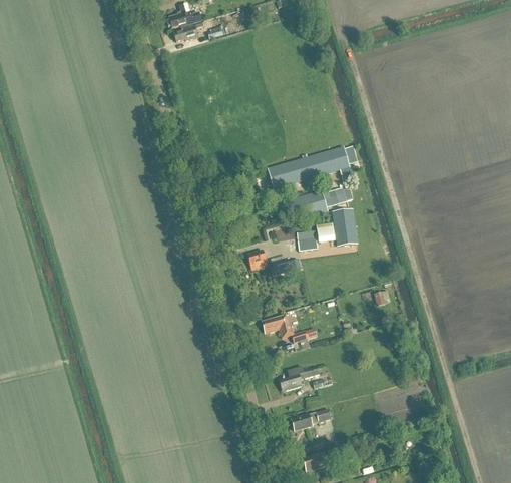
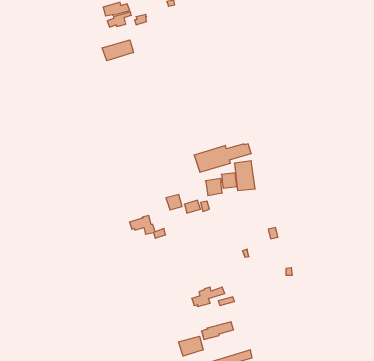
building: none -> [102,40,133,61]
building: [267,146,357,189] -> none
building: [262,315,307,343] -> [129,216,166,238]
building: none -> [178,336,203,356]

